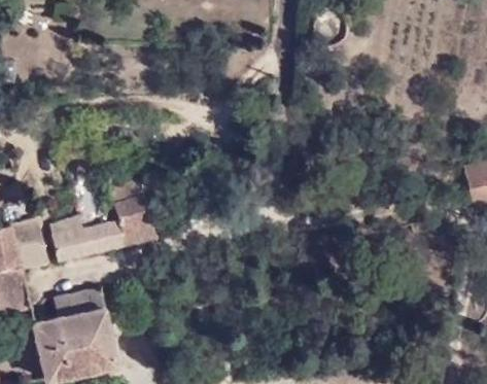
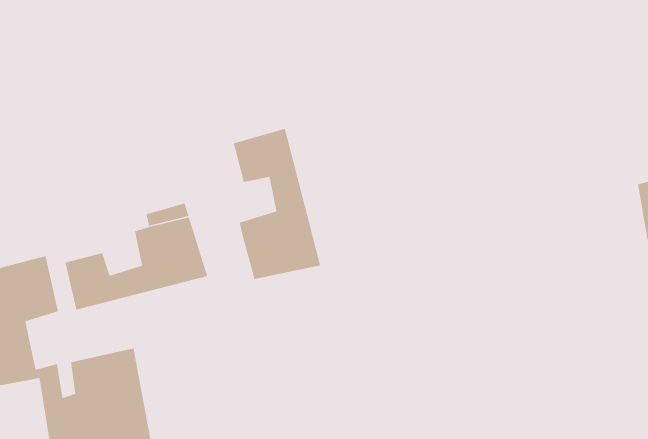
building: none -> [233,128,321,280]

